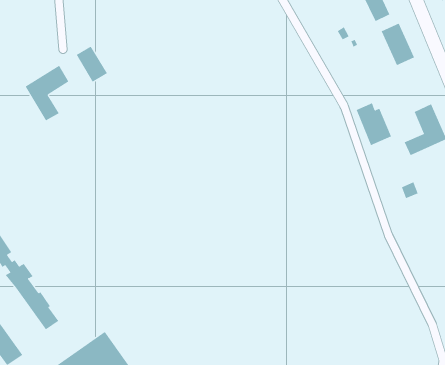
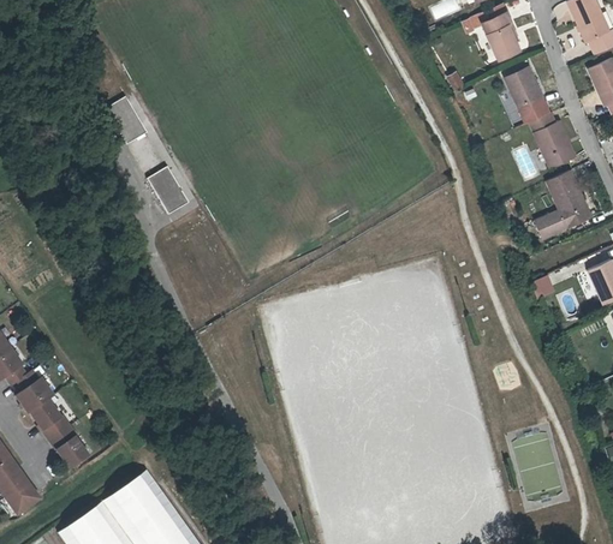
building: [25,65,69,121] -> none
building: none -> [149,166,188,215]
building: [356,103,392,146] -> [529,115,576,172]

